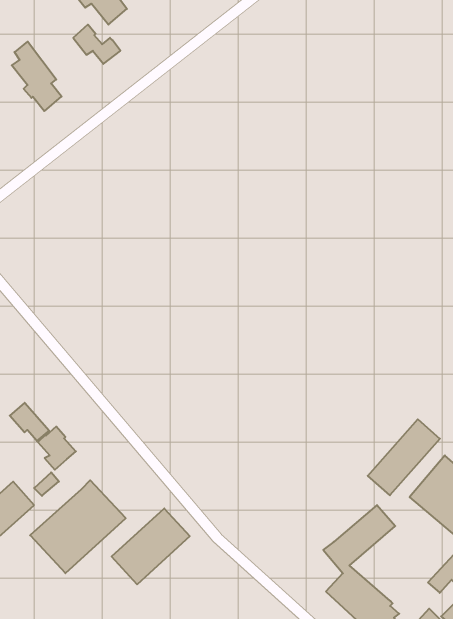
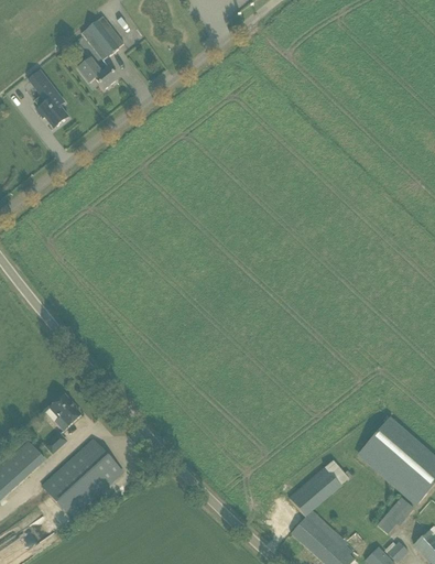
building: [10,403,49,441] -> none
building: [368,419,440,495] -> none
building: [112,508,190,584] -> none

